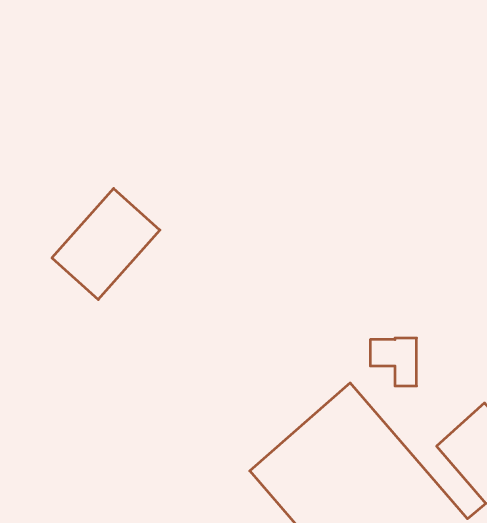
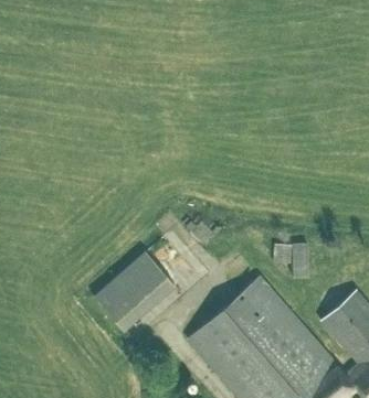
building: [52,188,160,300] -> [99,244,177,323]

